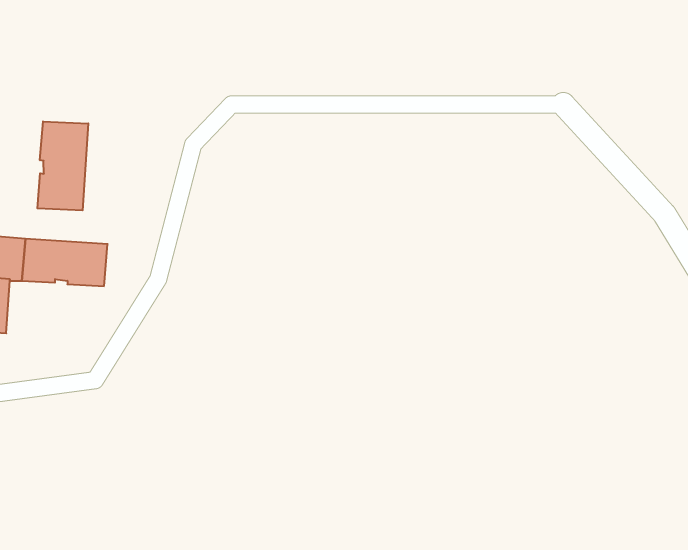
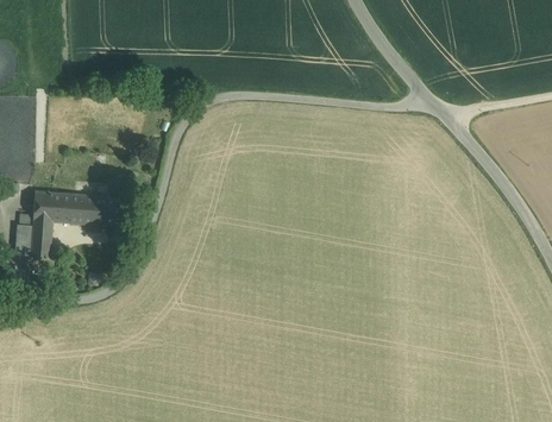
building: [37,121,88,210] -> none

